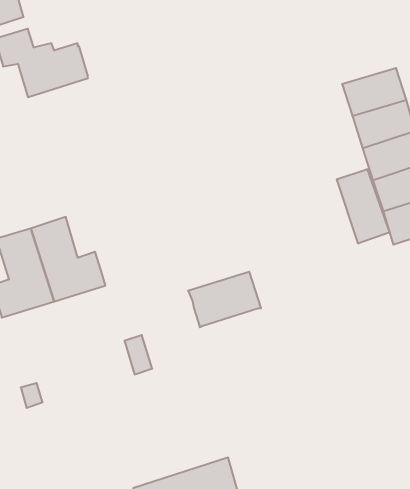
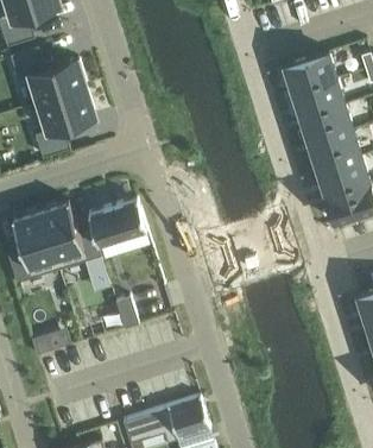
building: none -> [284,52,336,93]
building: none -> [34,88,95,158]
building: [337,169,390,244] -> none
building: [188,272,261,327] -> [87,200,146,245]

